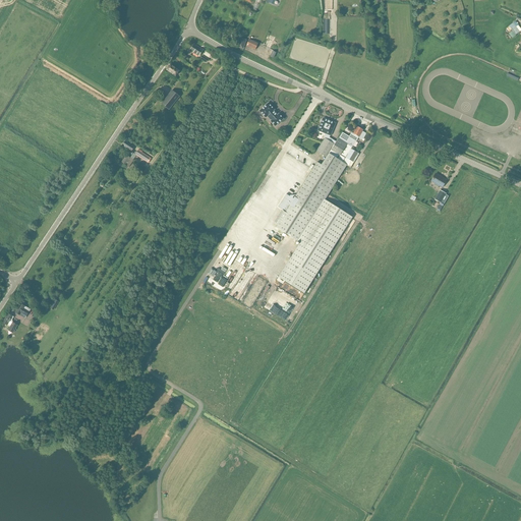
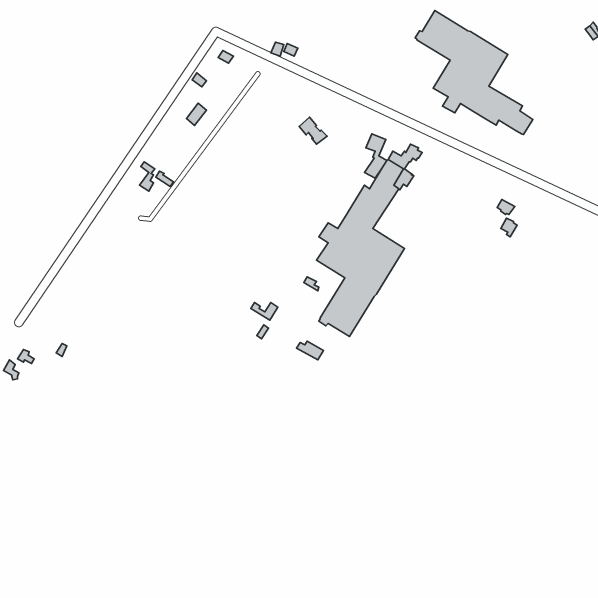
building: none -> [415,11,533,135]

